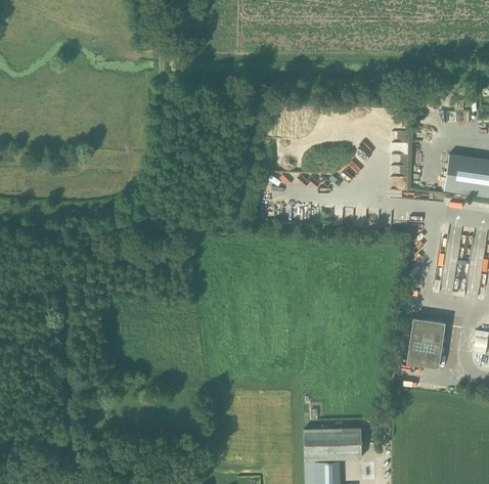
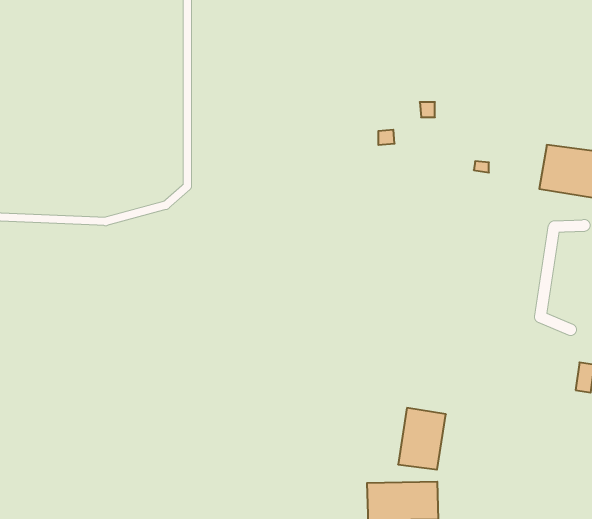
building: [406,318,445,368] -> [398,408,446,470]

